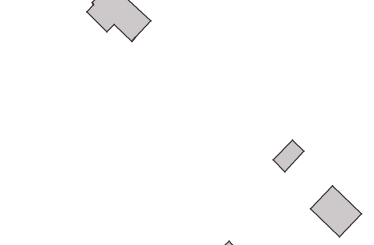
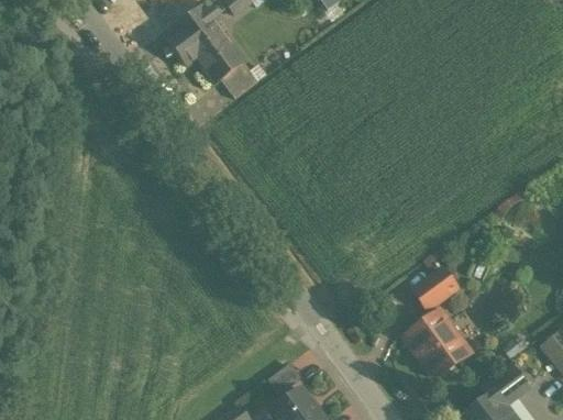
building: none -> [222,62,258,98]
building: [273,140,304,172] -> [415,269,455,308]

